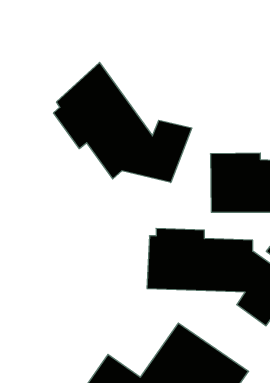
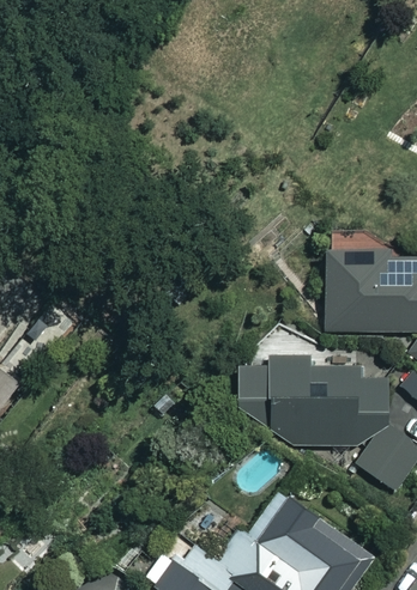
building: [54,62,192,183] -> none

